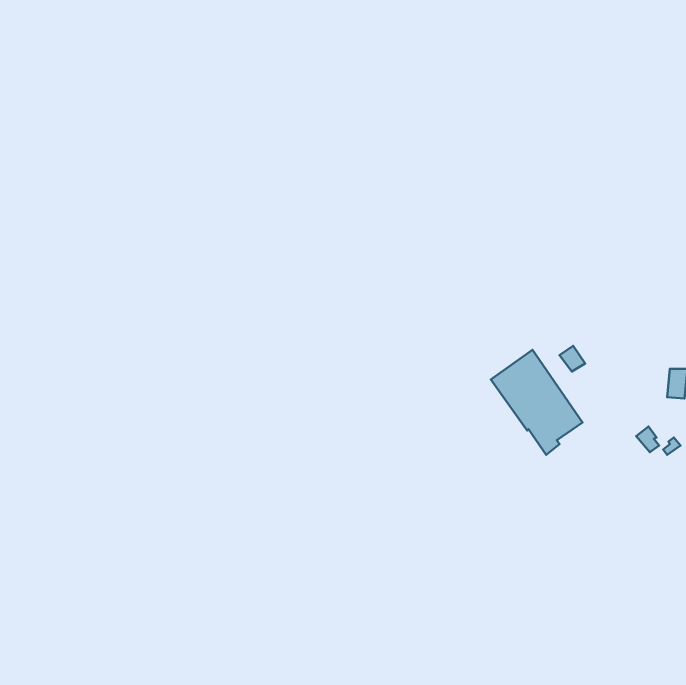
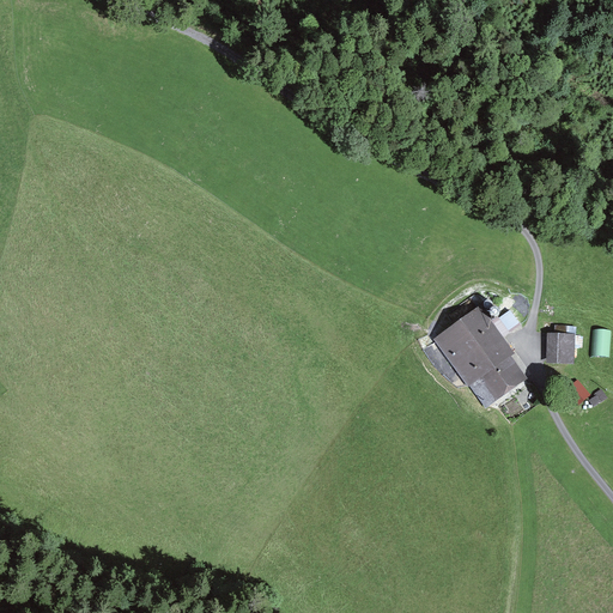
building: none -> [551,324,576,358]

